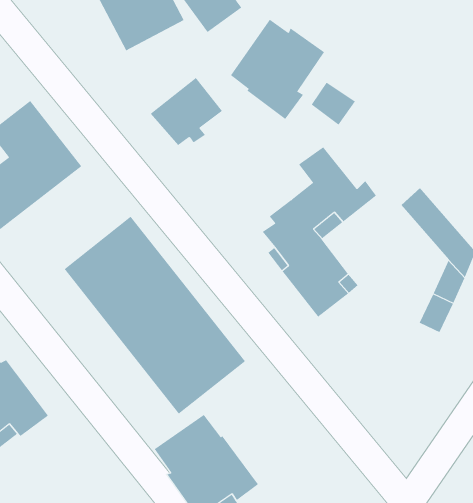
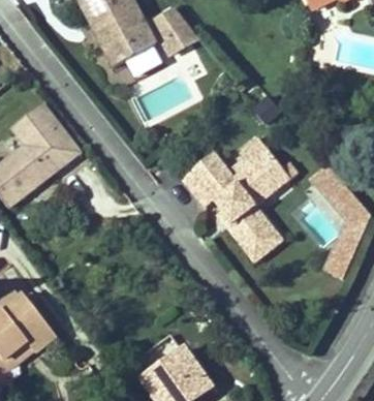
building: [230,19,325,120] -> none
building: [150,77,223,146] -> [181,152,235,203]
building: [64,216,246,415] -> none

